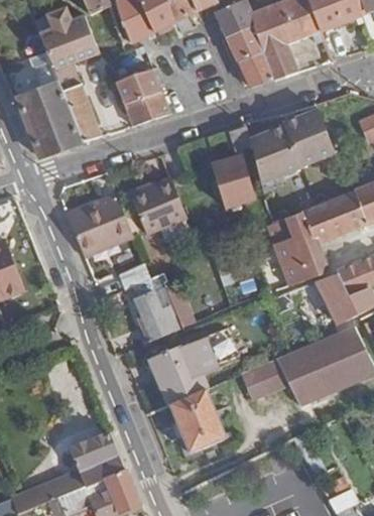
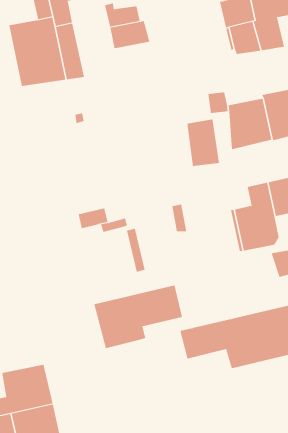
building: [126,90,170,125] -> none
building: [129,176,186,234] -> none
building: [66,196,132,256] -> none
building: [135,292,179,346] -> none
building: [169,390,225,452] -> none

